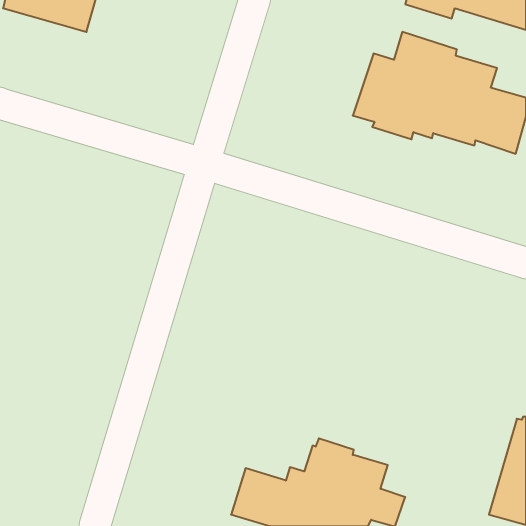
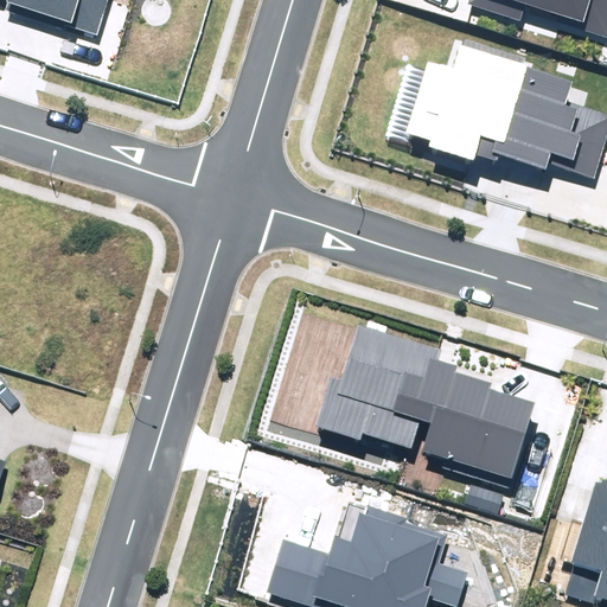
building: none -> [315,324,536,488]

